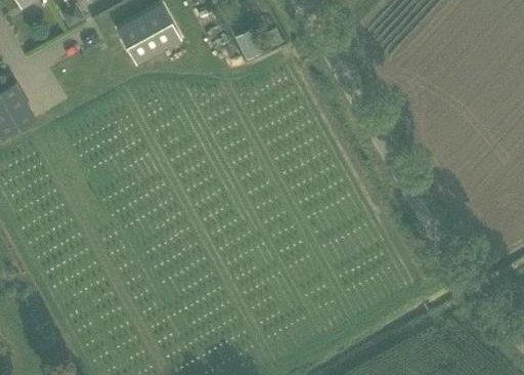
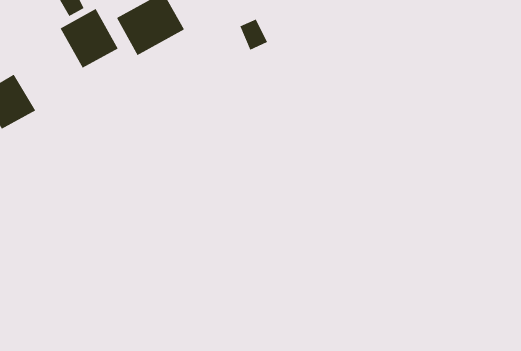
building: none -> [60,8,118,69]

